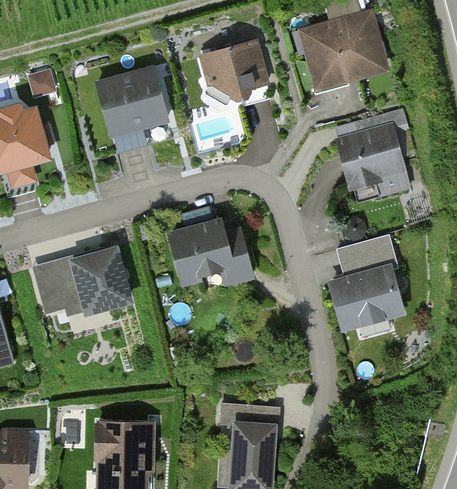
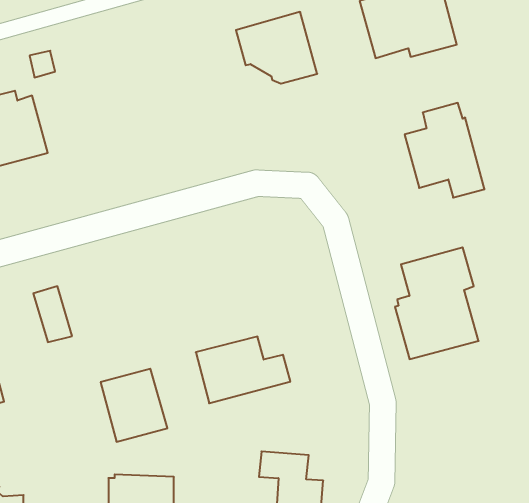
building: [97,69,166,135] -> none
building: [170,225,248,280] -> [196,337,290,403]
building: [74,251,129,311] -> [101,369,167,442]

